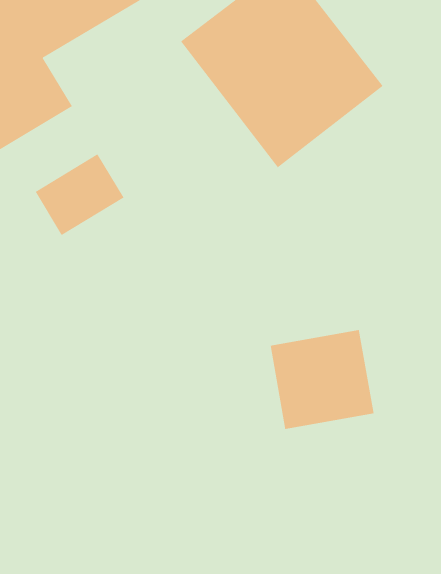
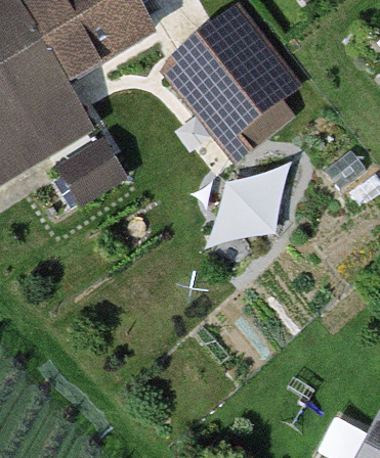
building: [270,329,374,430] -> [219,163,292,232]

